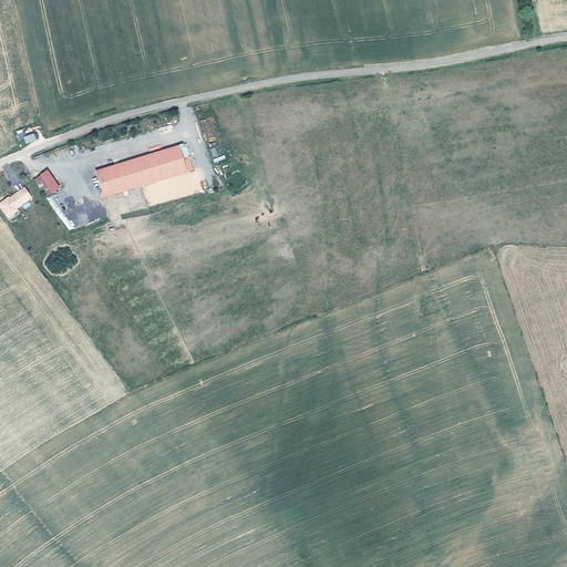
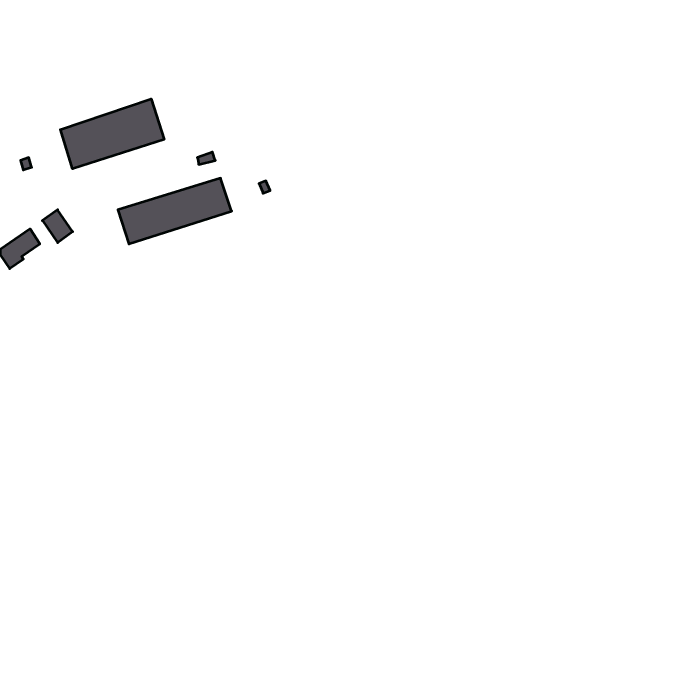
building: none -> [60,99,164,169]

